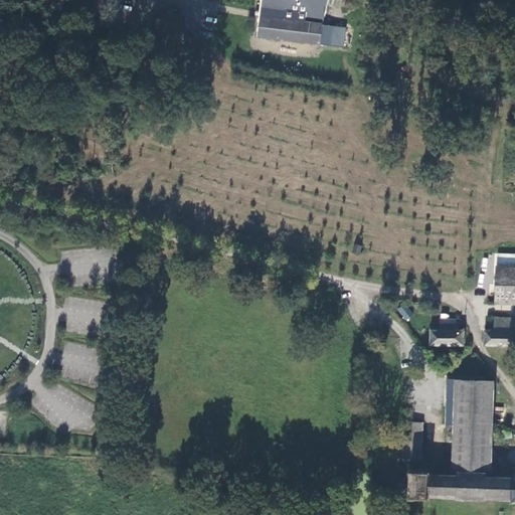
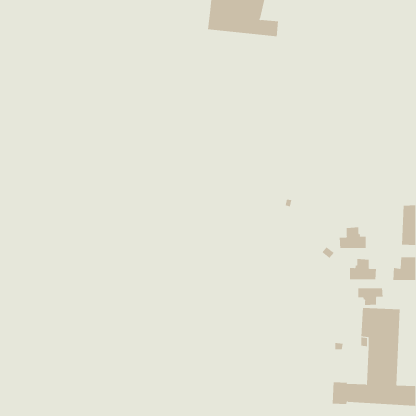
building: none -> [339,226,366,249]
building: none -> [358,288,383,306]

